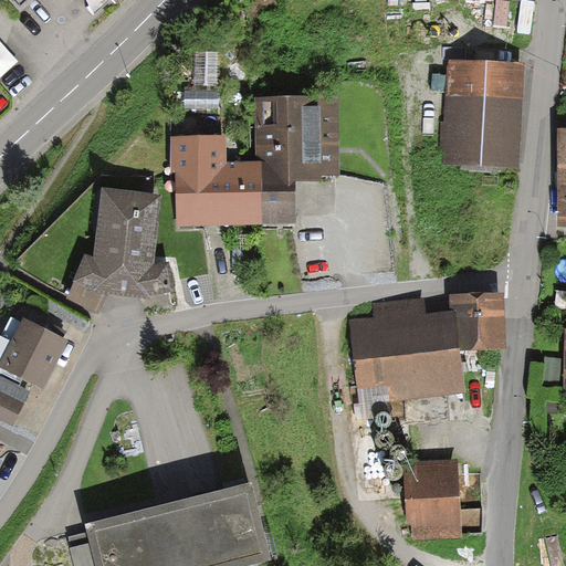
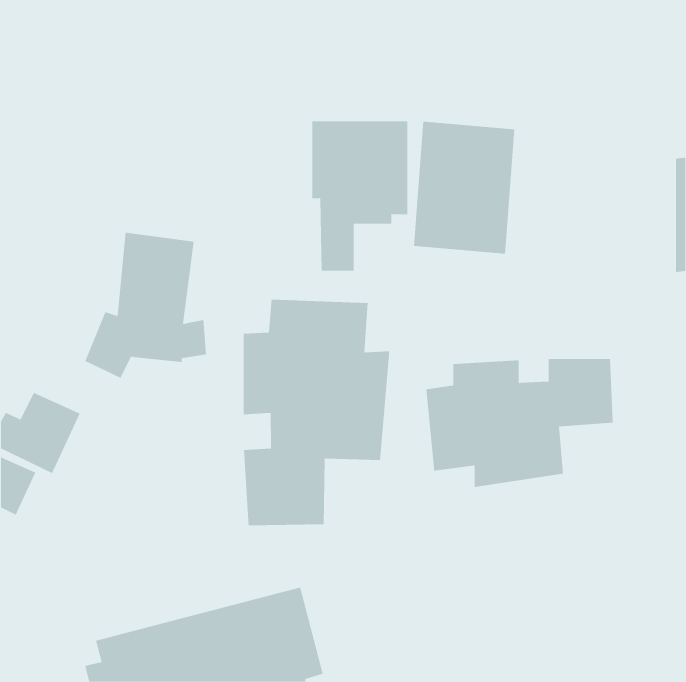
building: [439,60,523,169] -> [413,121,515,254]
building: [171,137,264,224] -> none
building: none -> [243,299,390,526]
building: [402,467,453,526] -> none

